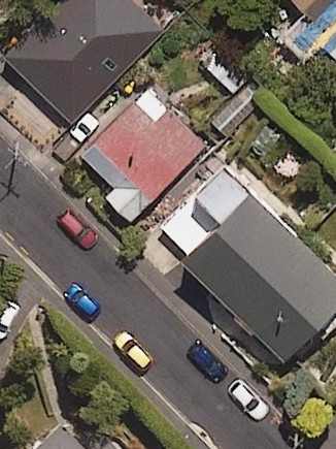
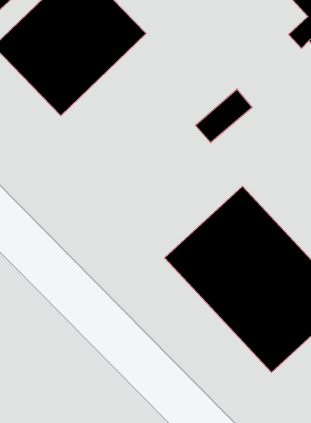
building: [68,89,201,223] -> none

